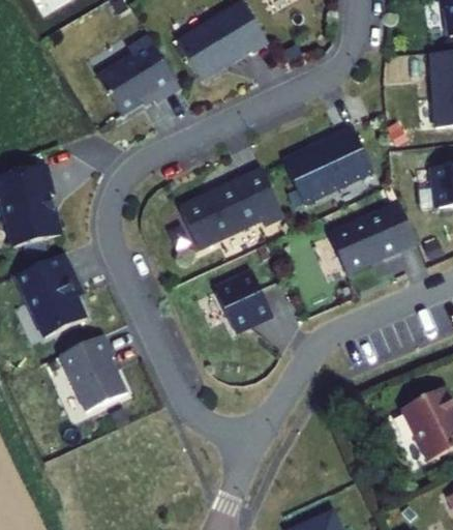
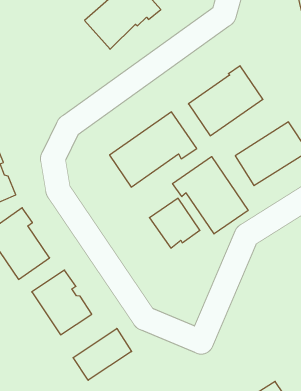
building: [96,35,180,115] -> none
building: none -> [173,157,248,234]
building: none -> [73,328,132,380]

